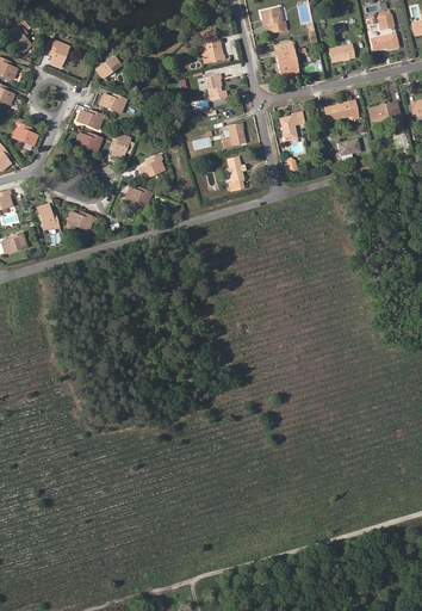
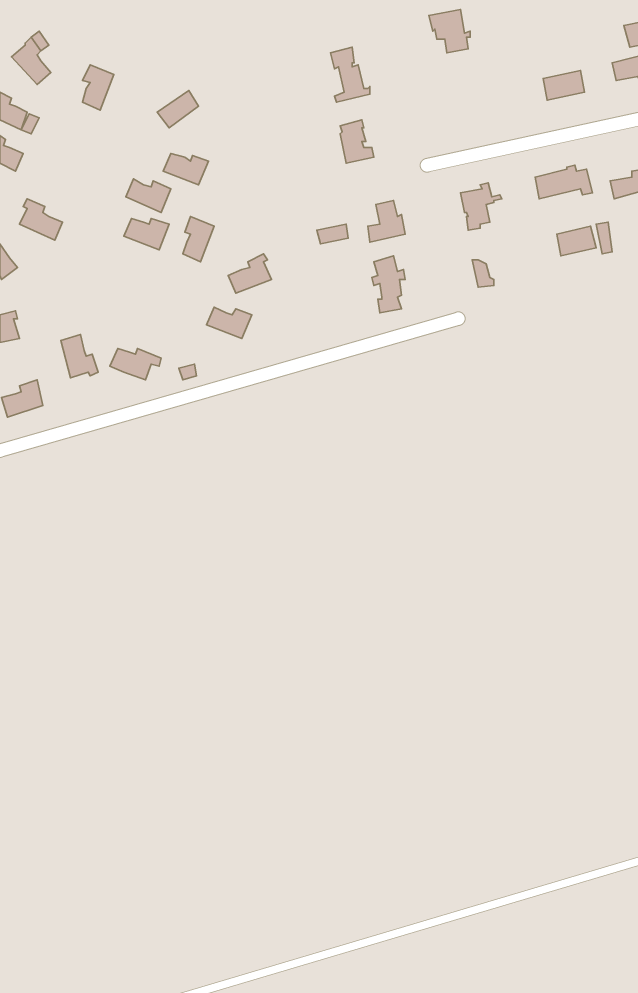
building: [273,41,298,75] -> none

